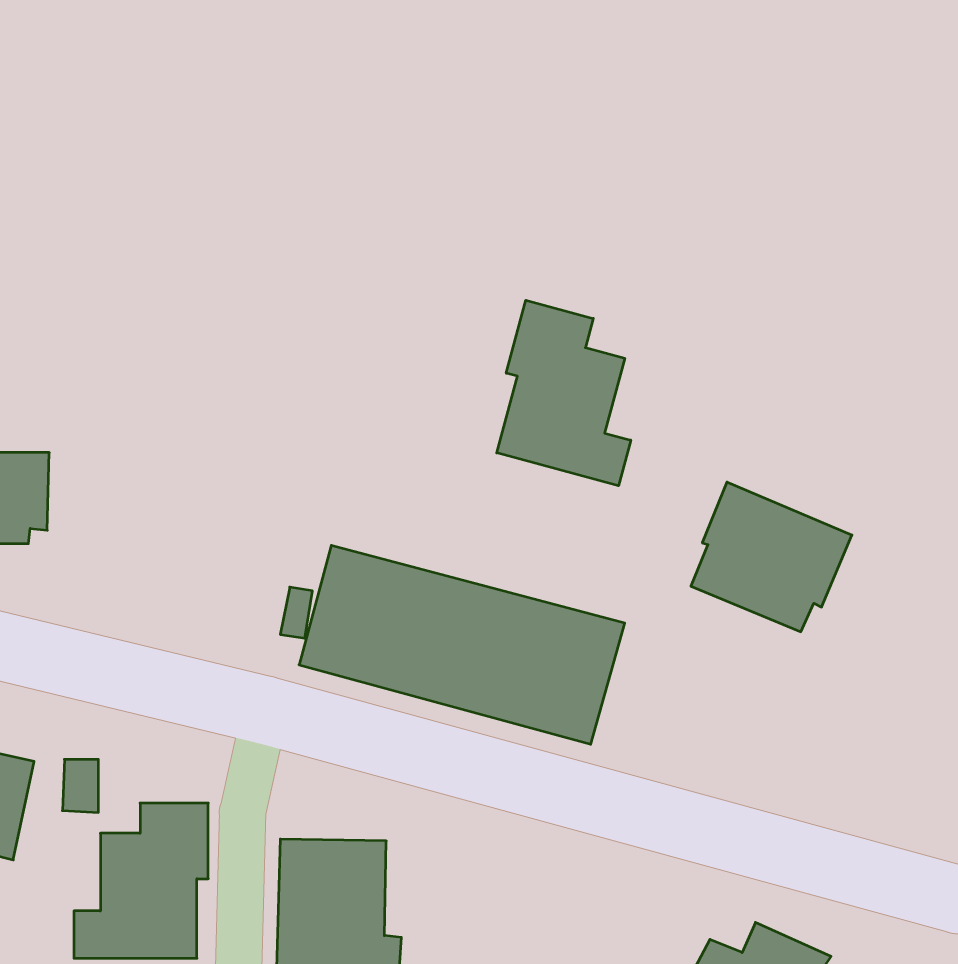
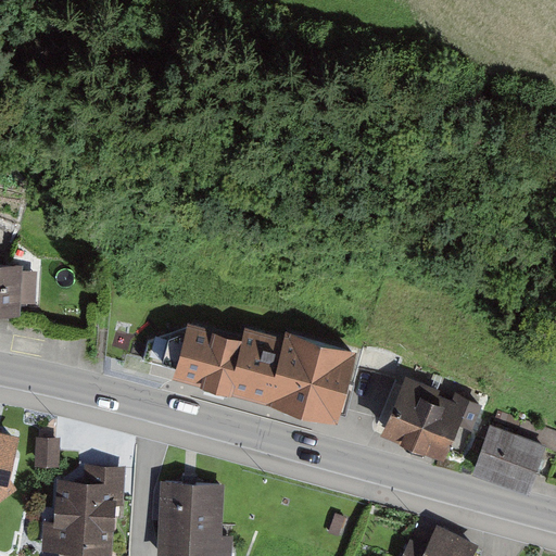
building: [497,300,631,486] -> none
building: [691,482,852,632] -> [383,374,476,459]
building: none -> [471,427,542,490]

